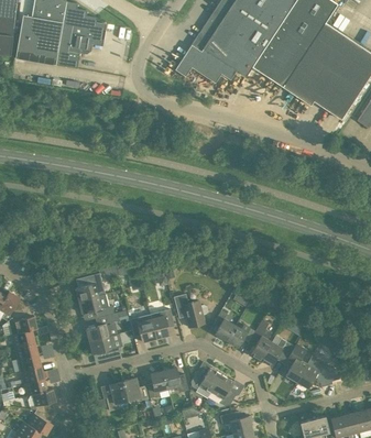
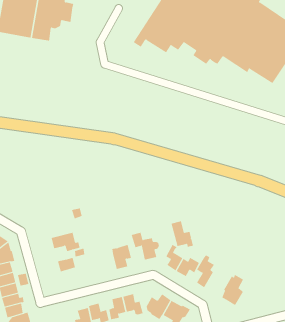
building: [75,273,105,300] -> none
building: none -> [171,220,194,248]
building: [129,314,155,341] -> none
building: [89,336,121,362] -> none
building: [260,338,292,366] -> none
building: [296,361,332,388] -> none

